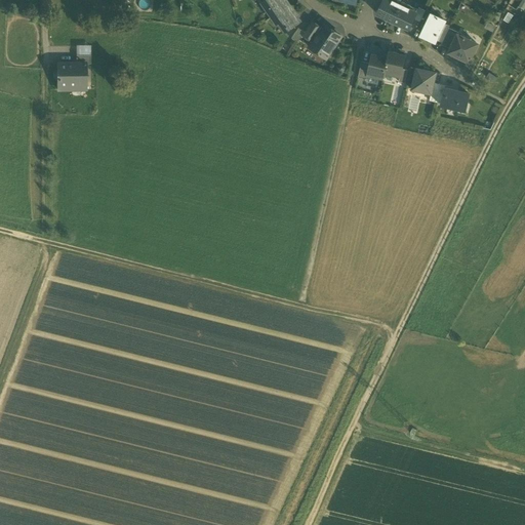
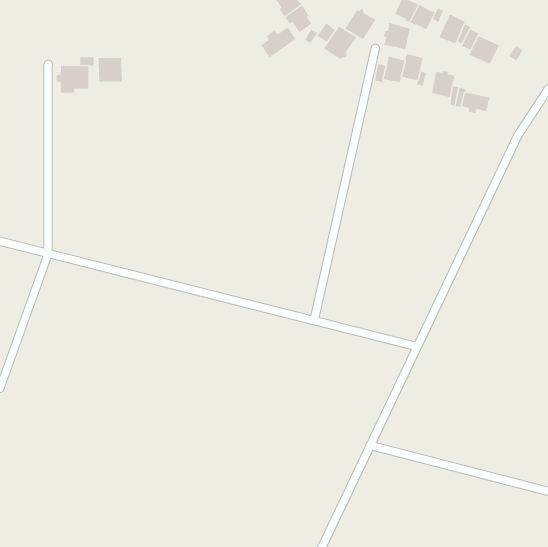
building: none -> [344,9,376,40]
building: none -> [383,22,410,50]
building: none -> [260,27,297,58]
building: none -> [98,57,122,83]

